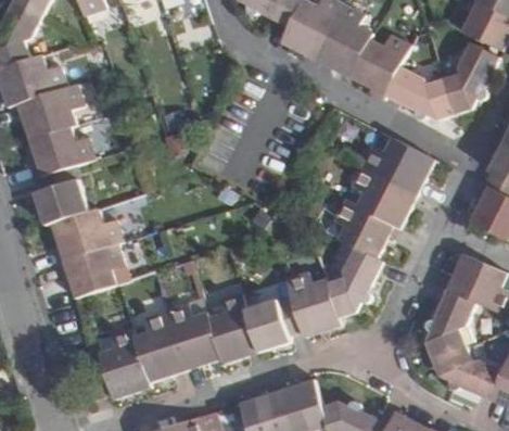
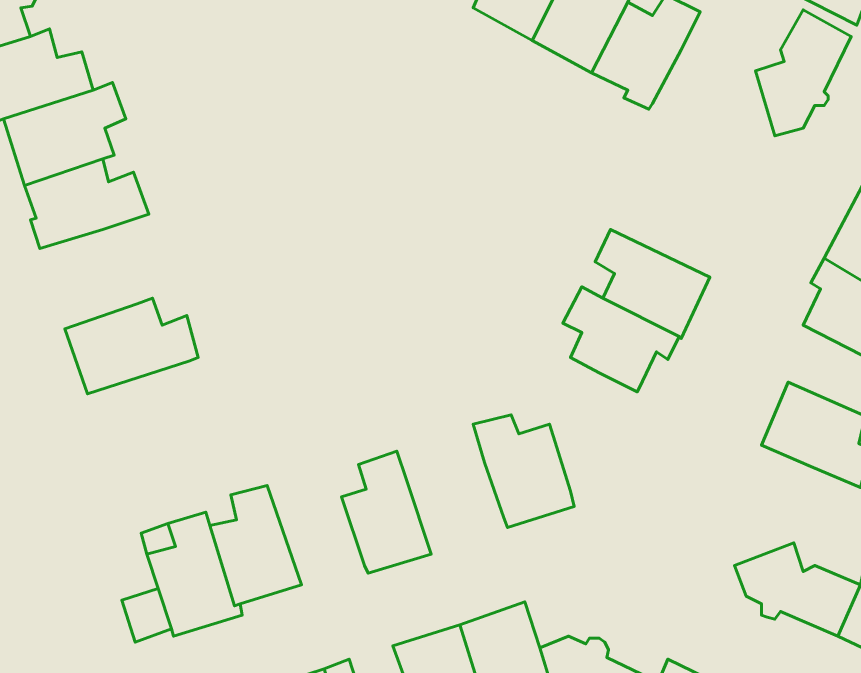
building: [384,65,454,119] -> none
building: [360,138,434,194] -> none
building: [34,167,91,226] -> none
building: [58,242,127,297] -> none
building: [328,249,383,316] -> none
building: [423,290,474,358] -> none
building: [244,300,300,352] -> none
building: [165,305,220,369] -> none

